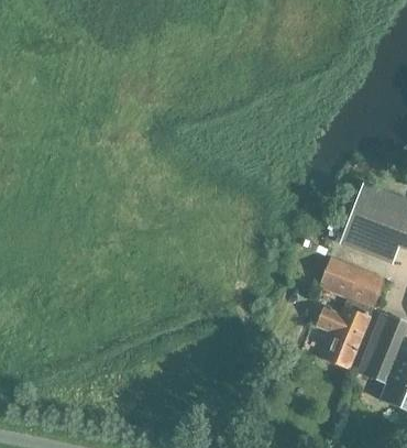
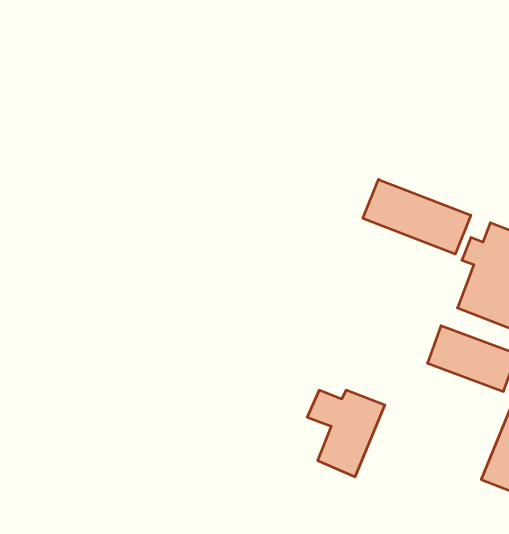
building: none -> [363,179,471,254]
building: [316,306,373,370] -> [307,390,385,477]

